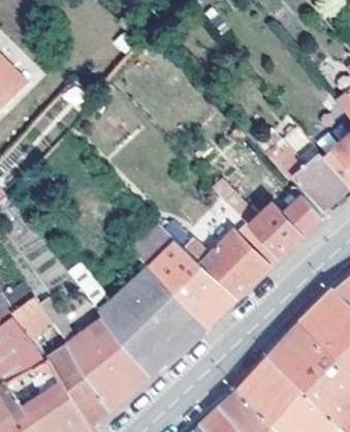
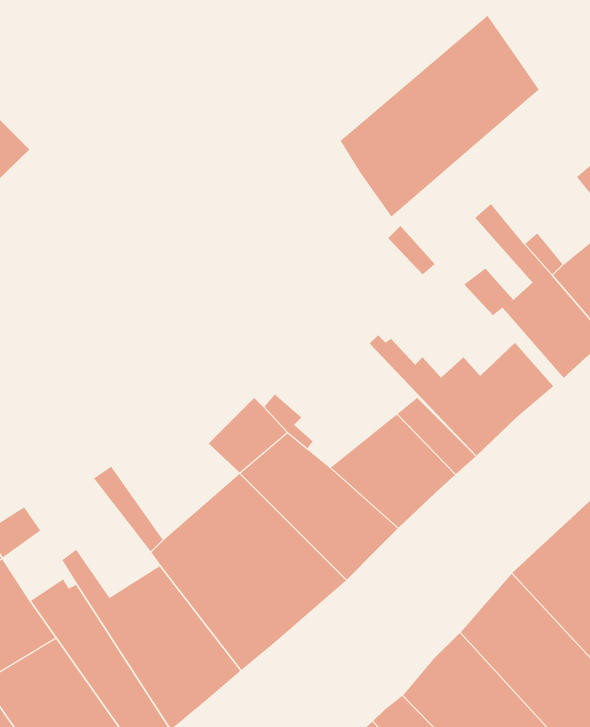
building: none -> [340,15,539,217]

